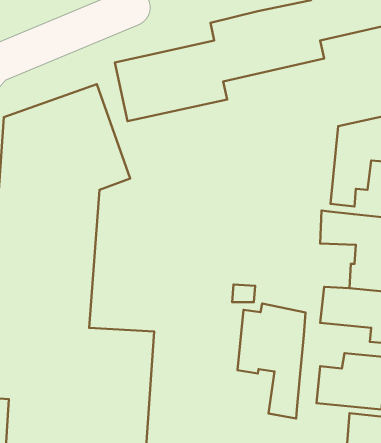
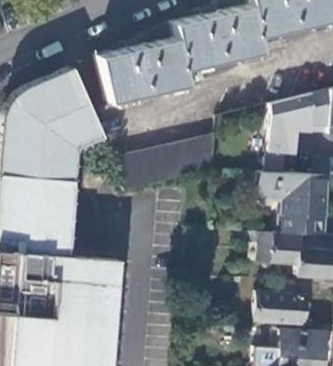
building: none -> [109,133,214,189]
building: [238,303,306,419] -> none

